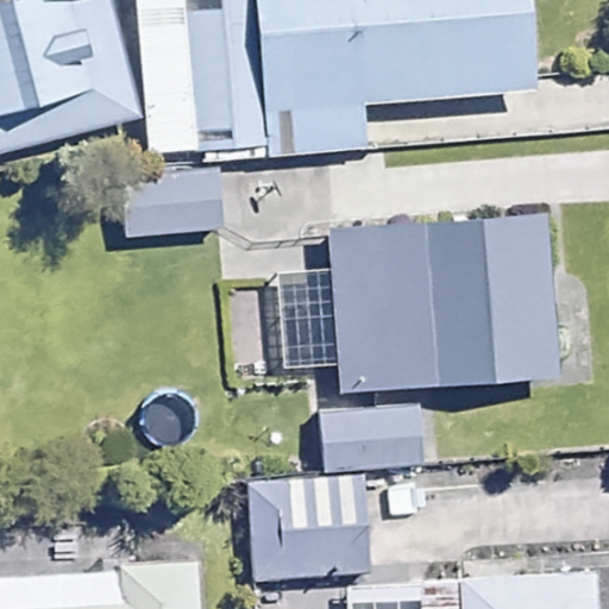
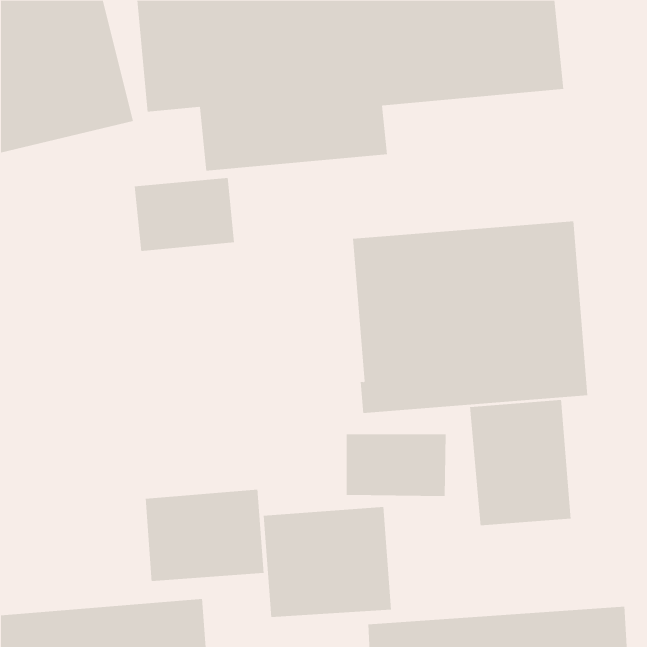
building: none -> [470,399,571,526]
building: none -> [145,489,264,582]

